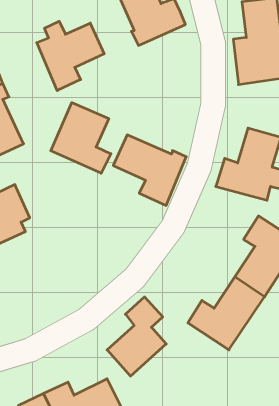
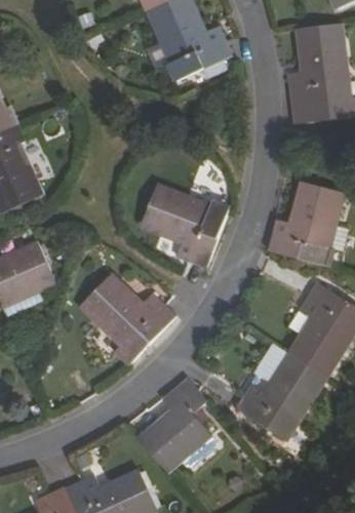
building: [37,21,104,91] -> none
building: [51,103,111,173] -> none
building: none -> [79,279,175,365]

